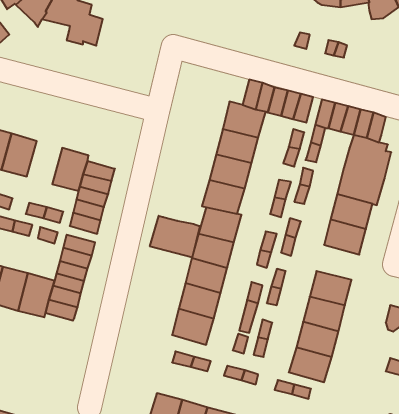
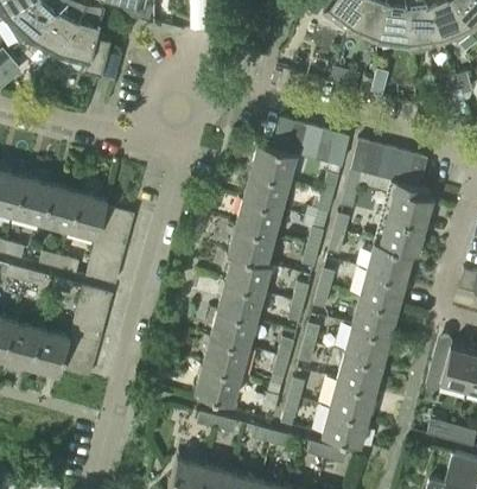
building: none -> [40,185,78,231]
building: [150,216,200,257] -> none
building: none -> [352,297,399,335]

